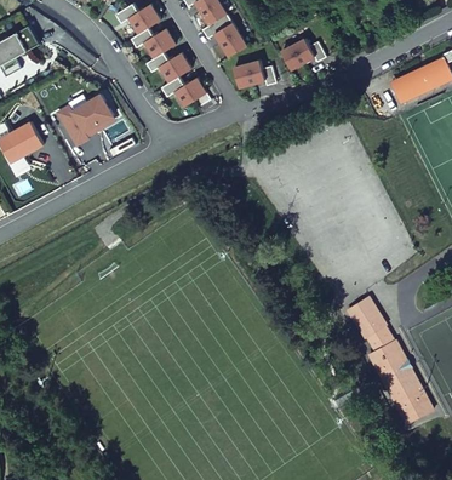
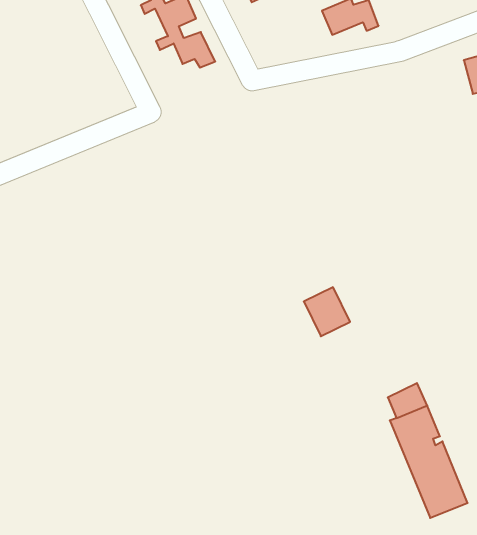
building: [234,59,275,86] -> none
building: [53,96,111,148] -> none
building: [350,296,387,333] -> [304,287,350,336]

